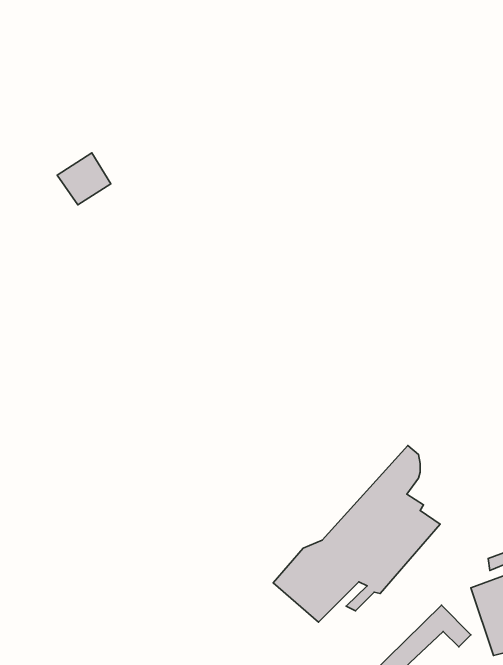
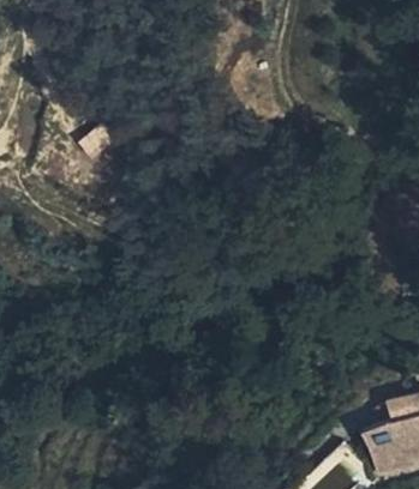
building: [273,445,440,622] -> none

